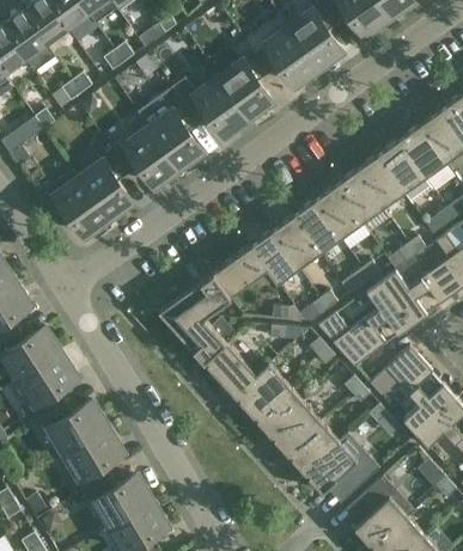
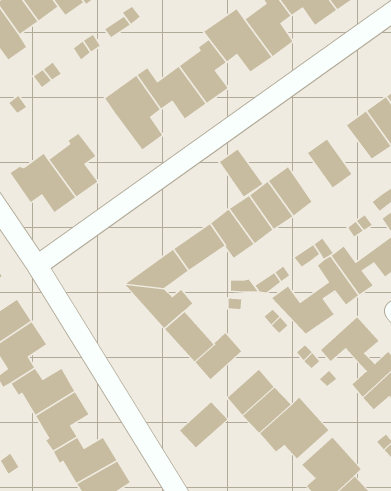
building: [110,128,178,185] -> none
building: [377,141,433,204] -> none
building: [335,171,383,224] -> [219,148,263,198]
building: [251,384,304,434] -> [179,402,228,448]

